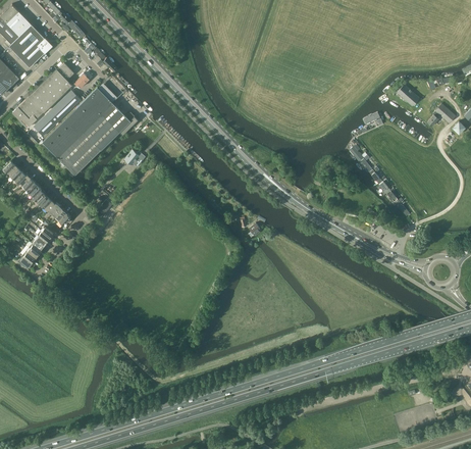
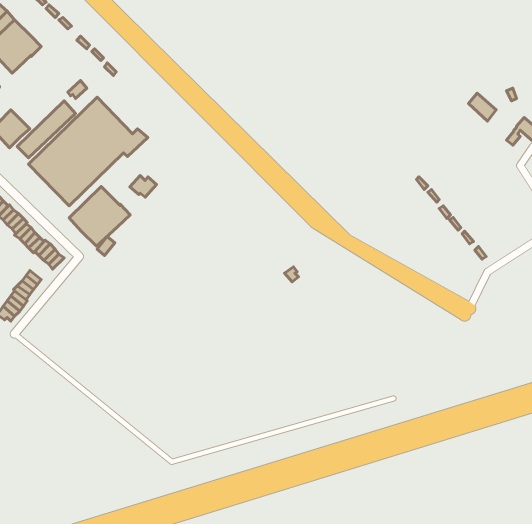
building: [28,63,73,112] -> none
building: none -> [69,187,130,246]

